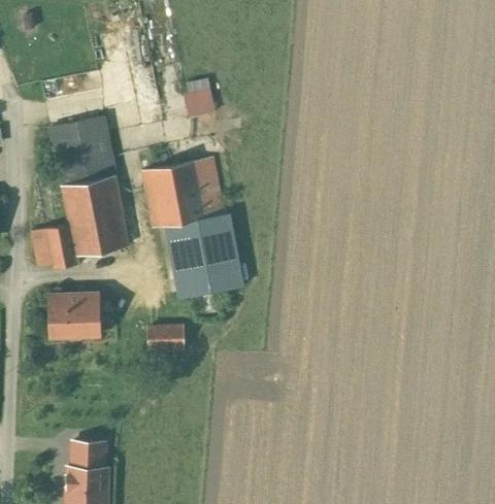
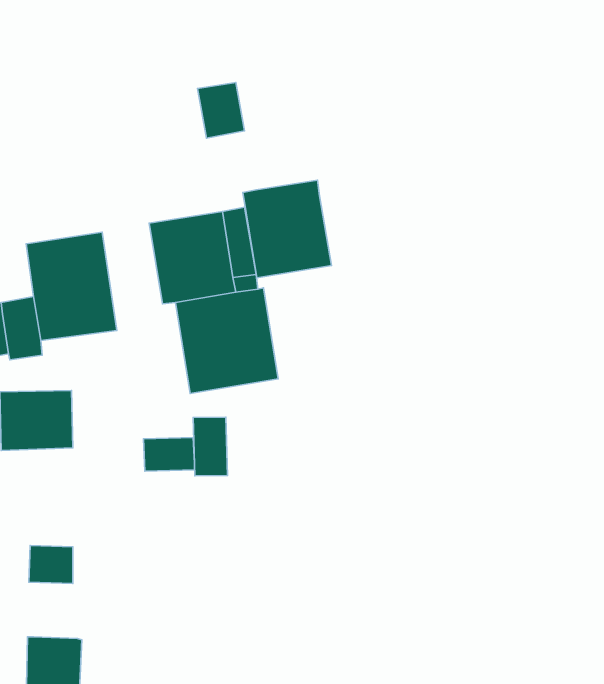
building: [55,122,118,190] -> none
building: none -> [243,180,332,278]
building: none -> [193,417,228,476]
building: [69,440,100,467] -> [29,545,73,584]

